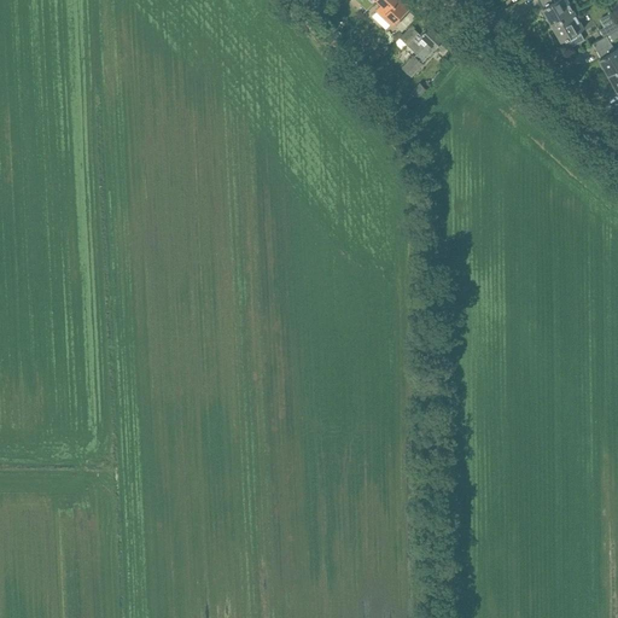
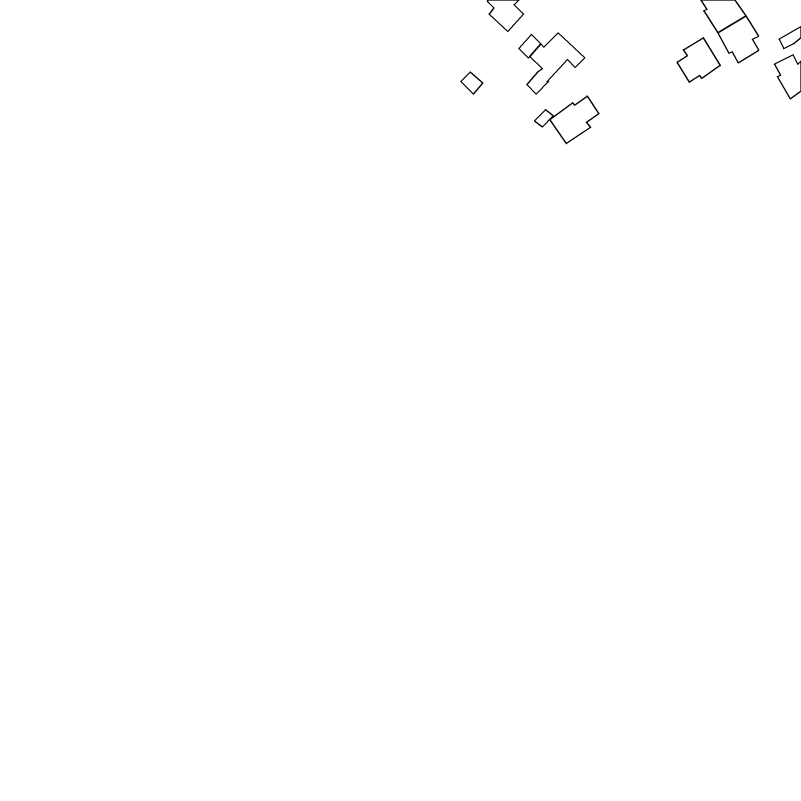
building: none -> [677,38,720,82]
building: none -> [550,96,599,144]

